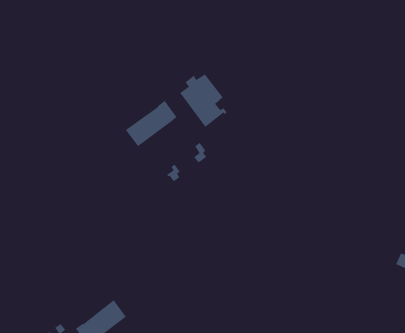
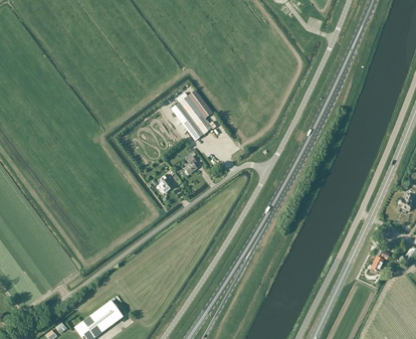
building: [125,100,178,147] -> none

